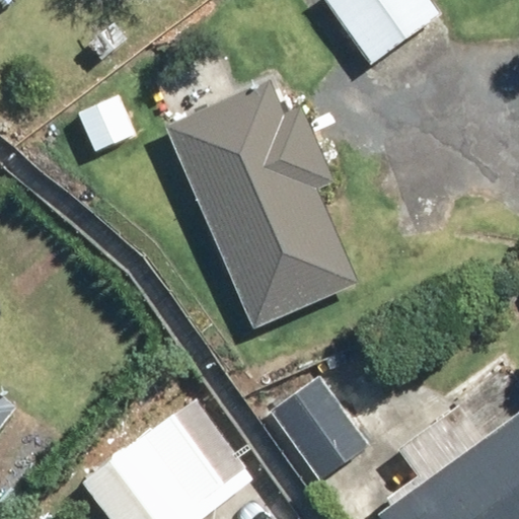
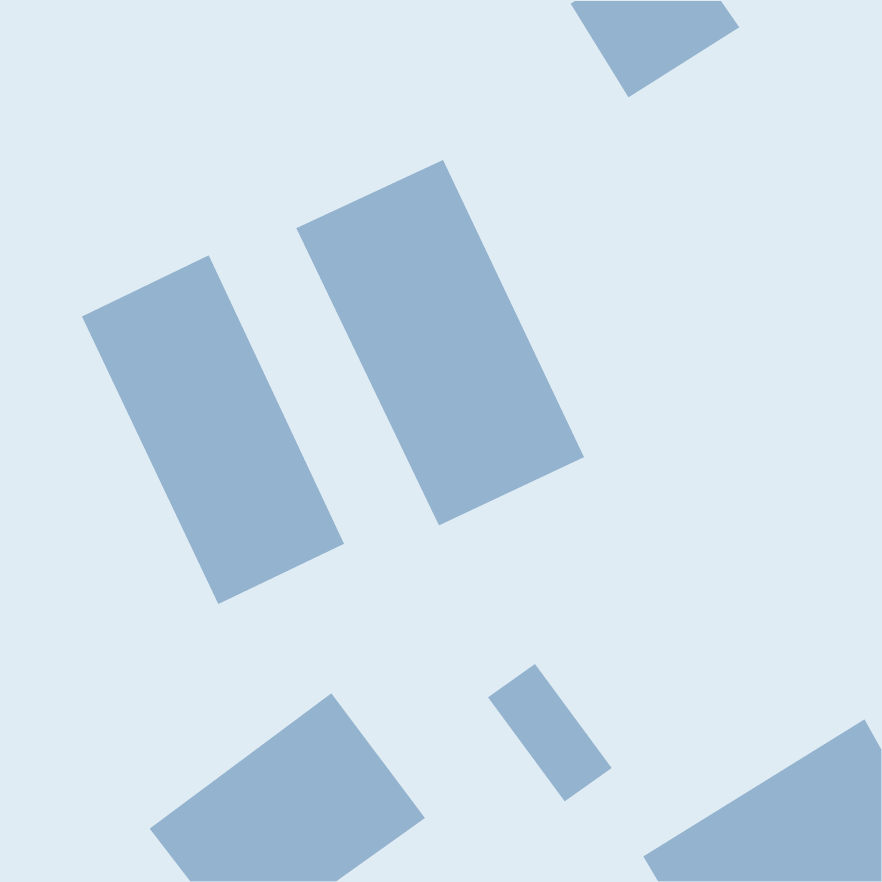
building: none -> [81,254,345,605]

